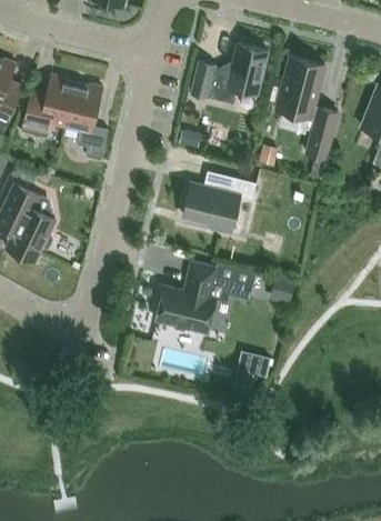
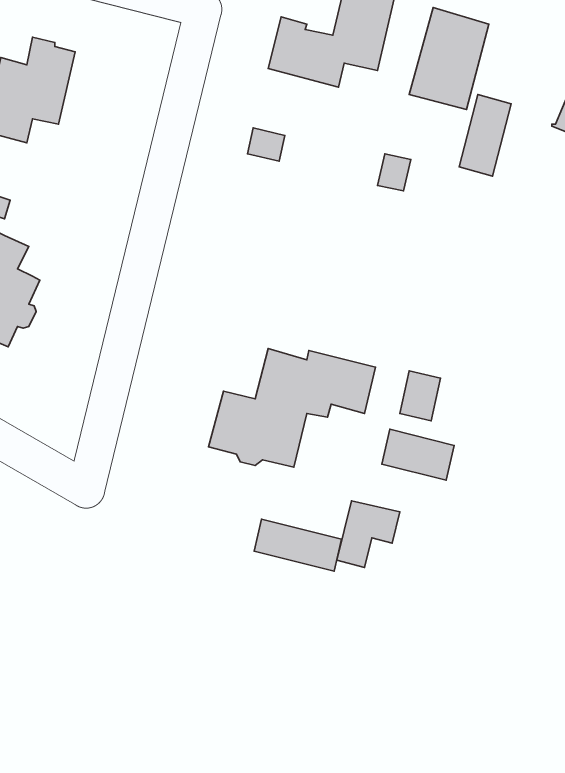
building: [67,82,109,159] -> none
building: [183,170,258,234] -> none
building: none -> [382,429,454,480]
building: none -> [254,519,341,571]

